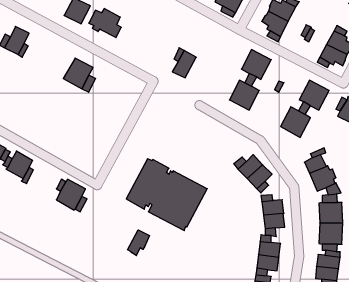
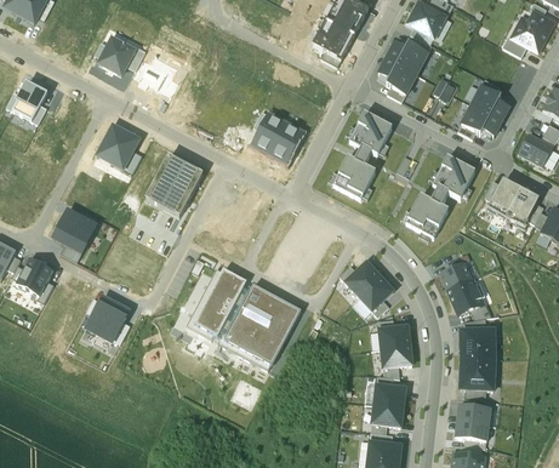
building: none -> [270,122,303,161]
building: none -> [147,153,203,215]
building: none -> [53,209,96,251]
building: [128,230,150,256] -> none

